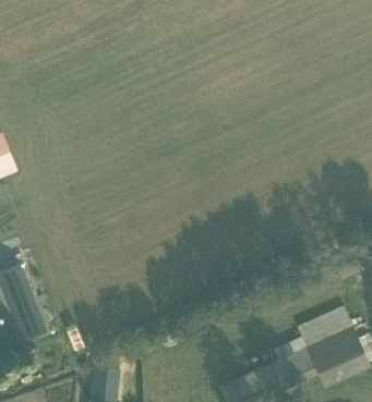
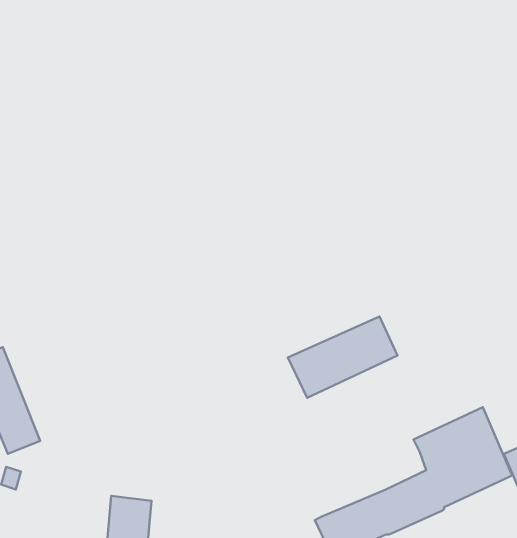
building: none -> [288,317,398,398]

